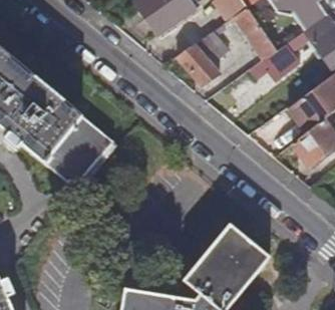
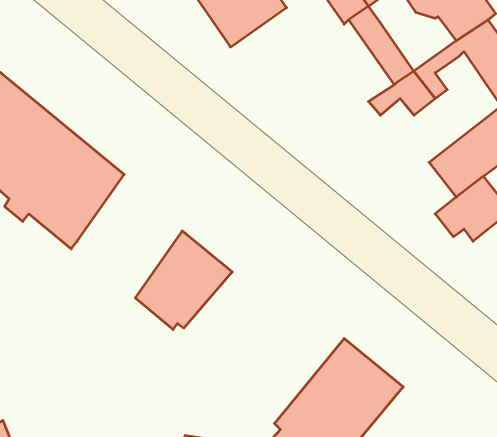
building: [177,29,227,85] -> none
building: [54,117,118,183] -> [135,231,232,330]

